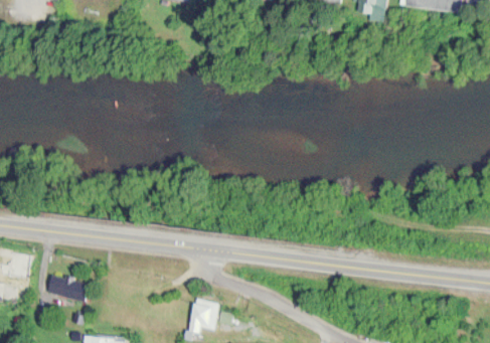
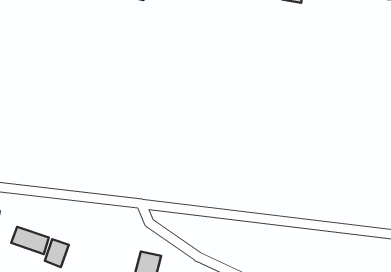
building: none -> [45,239,69,267]

